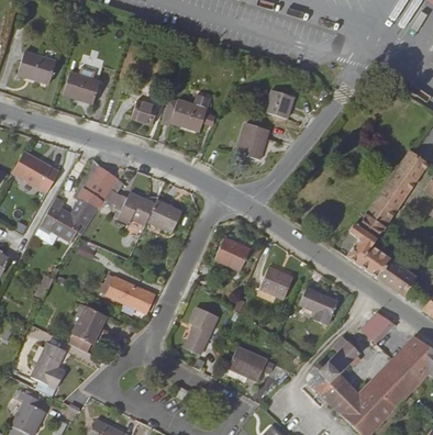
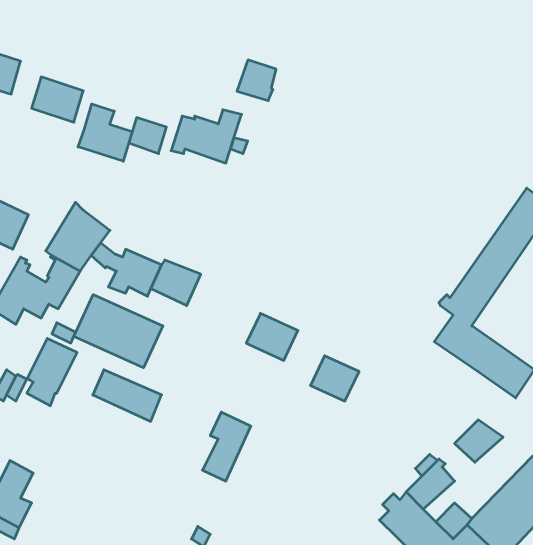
building: [265,89,292,118] -> [237,60,276,101]
building: none -> [78,104,132,161]
building: [237,123,268,159] -> none
building: none -> [74,295,163,368]
building: [299,288,337,325] -> none
building: [71,305,107,353] -> [27,338,77,406]
building: [227,347,275,381] -> none

